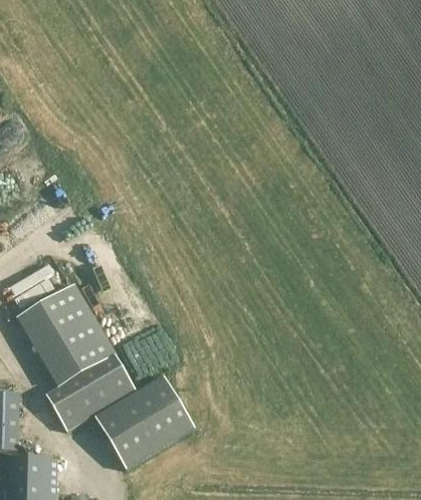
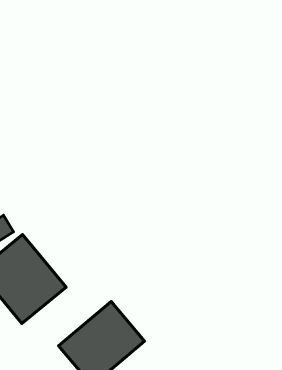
building: [48,353,138,430] -> none

